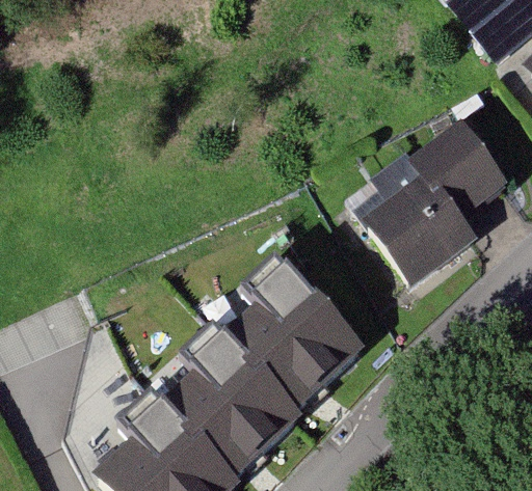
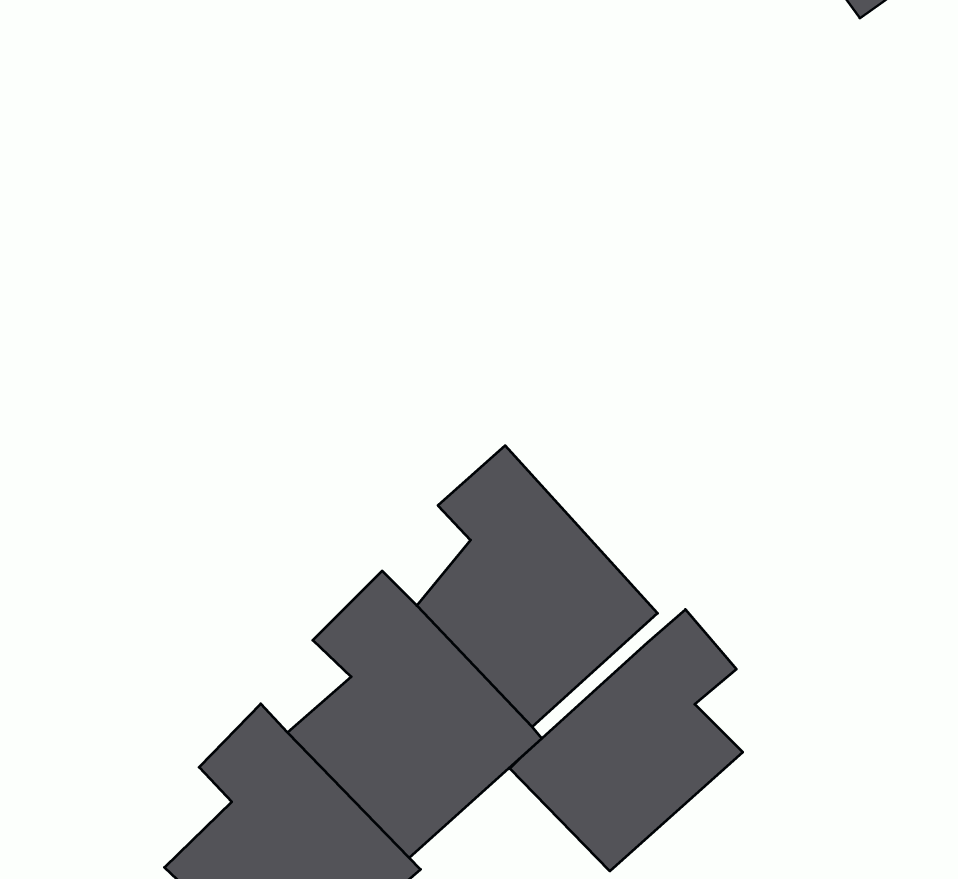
building: [368,124,507,285] -> none
building: none -> [510,609,743,871]

